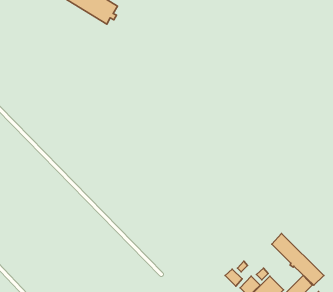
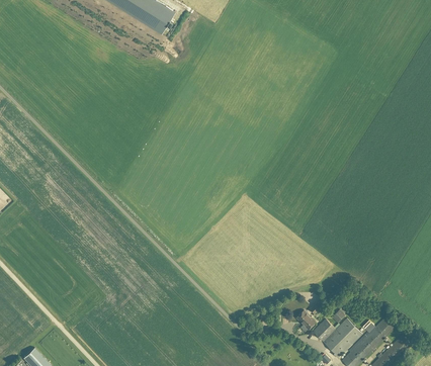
building: [272,234,324,285] -> none

